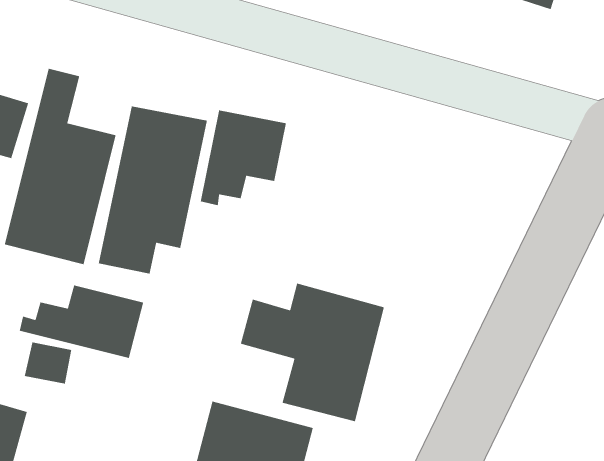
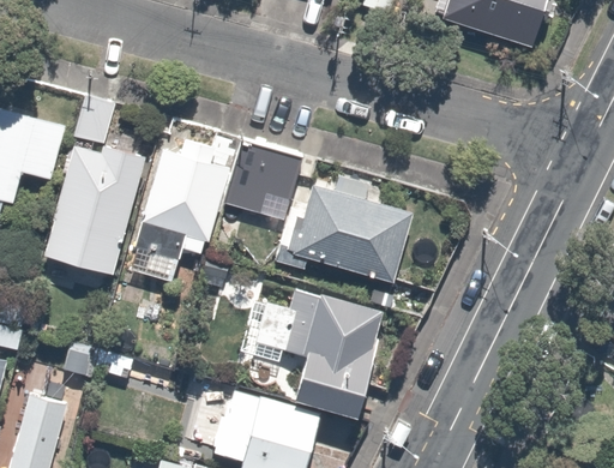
building: none -> [272,186,411,281]
building: [19,285,144,359] -> none

